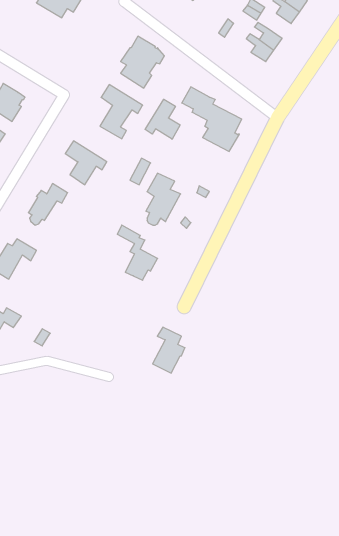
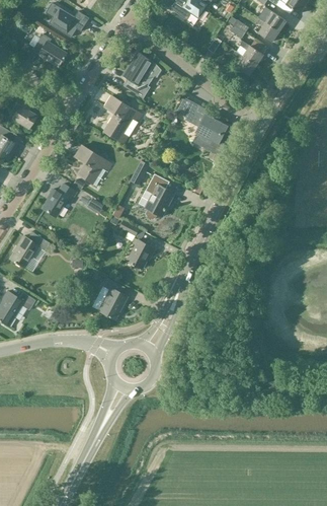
building: none -> [33,33,67,67]
building: [145,99,180,139] -> none
building: [153,327,185,373] -> [98,278,127,318]

